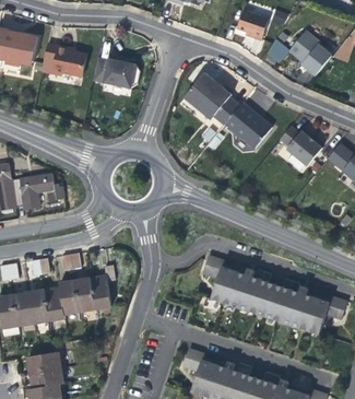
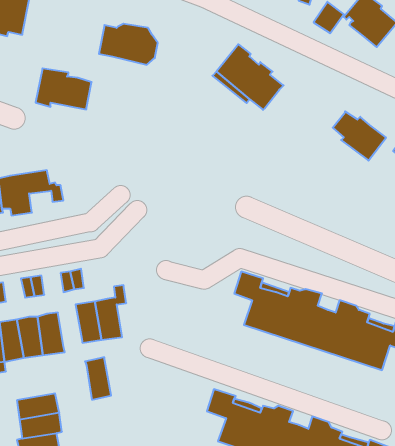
building: [42,43,86,75] -> [36,68,92,109]
building: [225,102,272,148] -> none
building: [59,280,80,314] -> [85,357,111,400]

